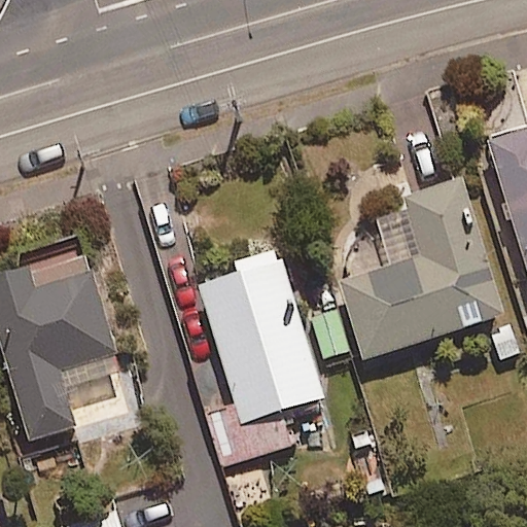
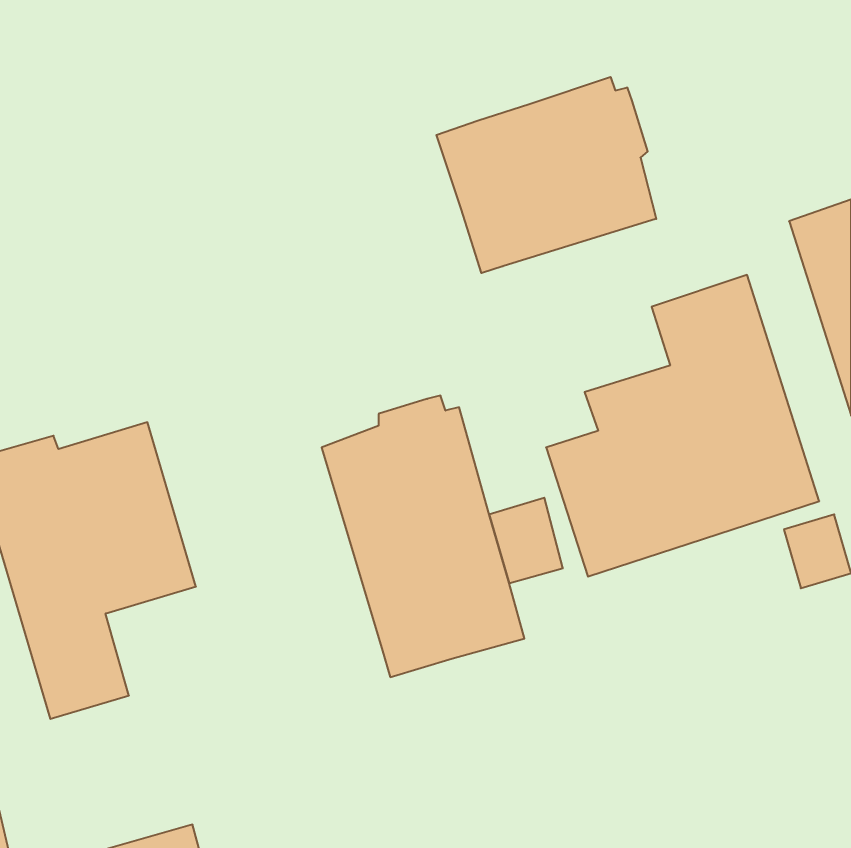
building: none -> [436,77,656,273]
building: [201,403,290,470] -> none

